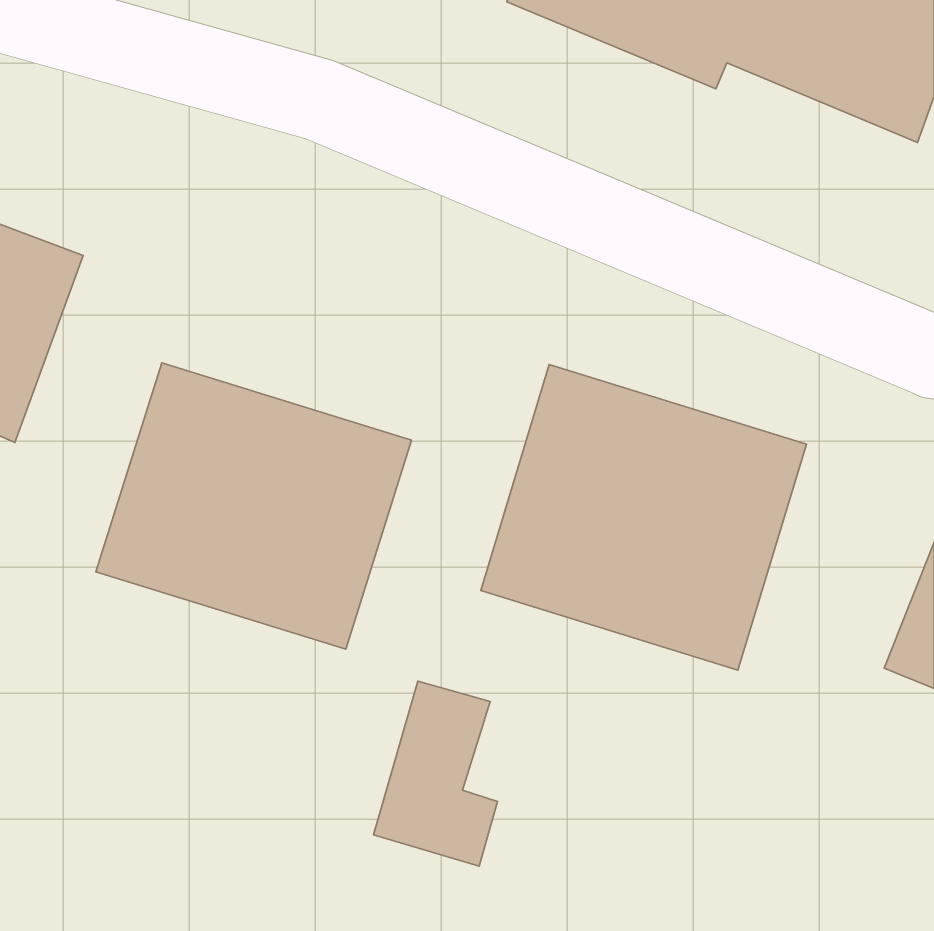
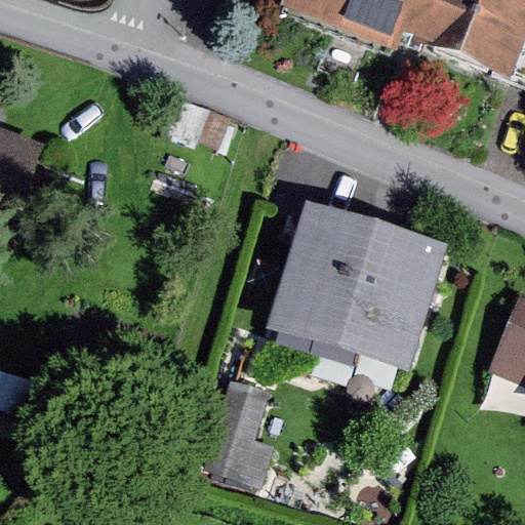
building: [96,363,412,649] -> none

